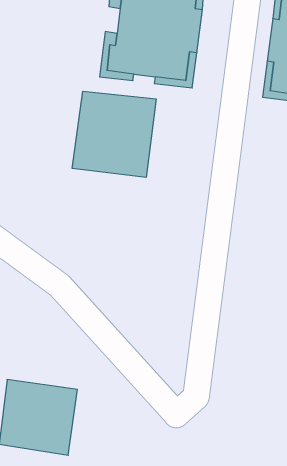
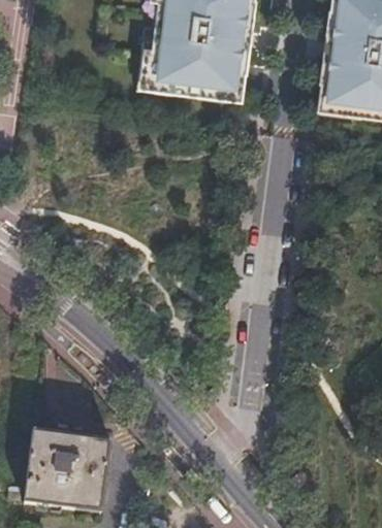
building: [72,91,156,177] -> none

